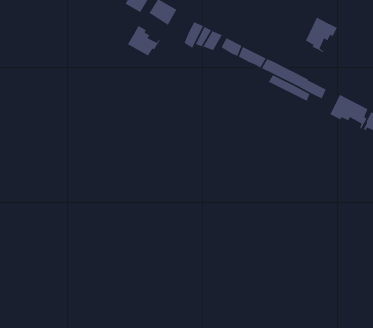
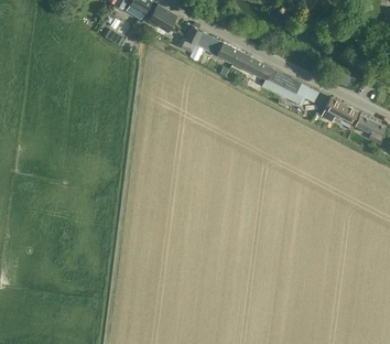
building: [305,17,338,53] -> none
building: [127,25,161,57] -> none

